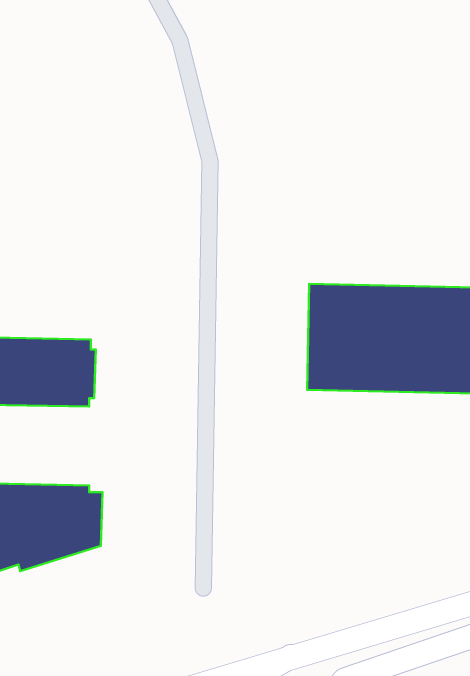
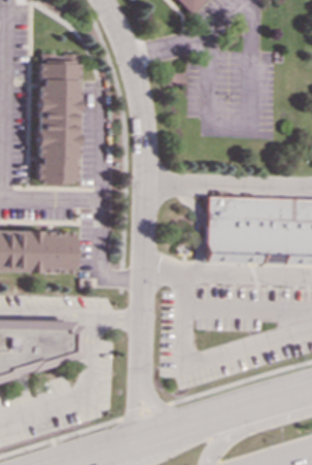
building: none -> [39,53,81,184]

